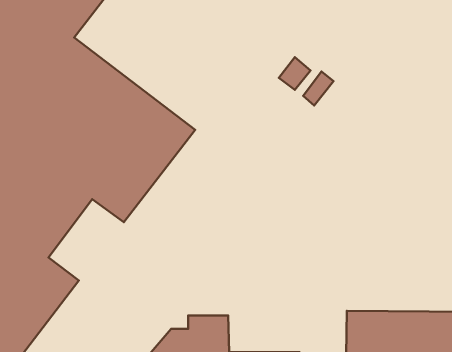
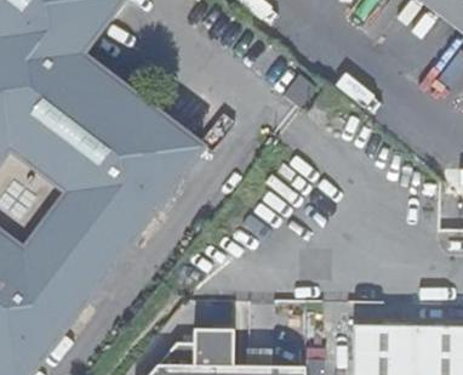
building: none -> [55,216,130,297]

